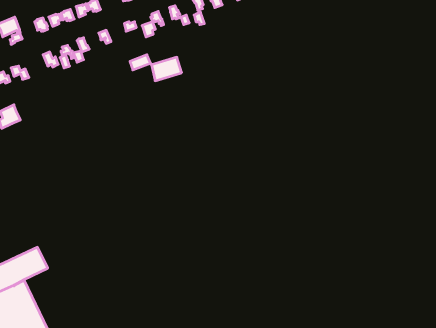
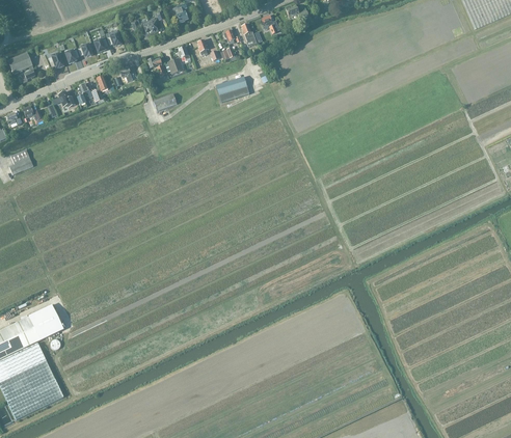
building: [151,57,182,81] -> [216,77,249,103]

